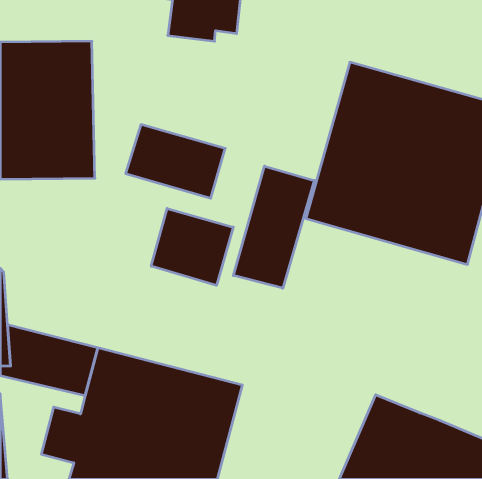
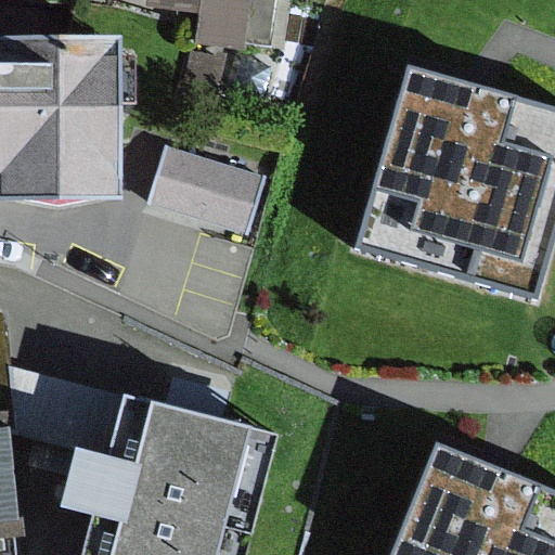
building: [233,166,314,288] -> none
building: [151,208,233,285] -> none

